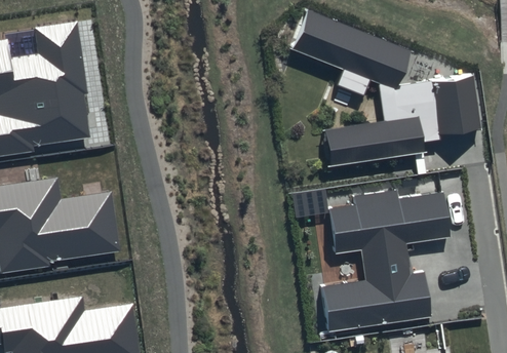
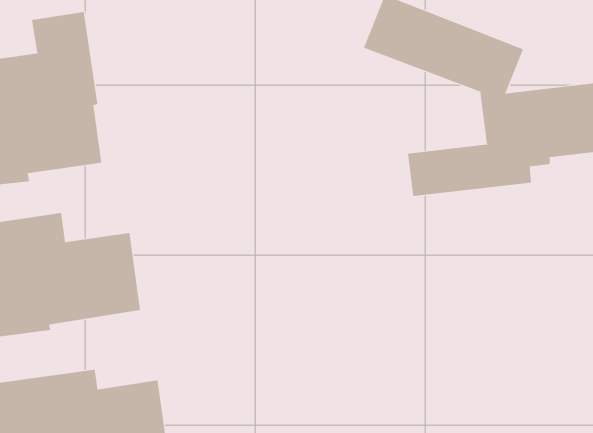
building: [320,190,447,331] -> none

